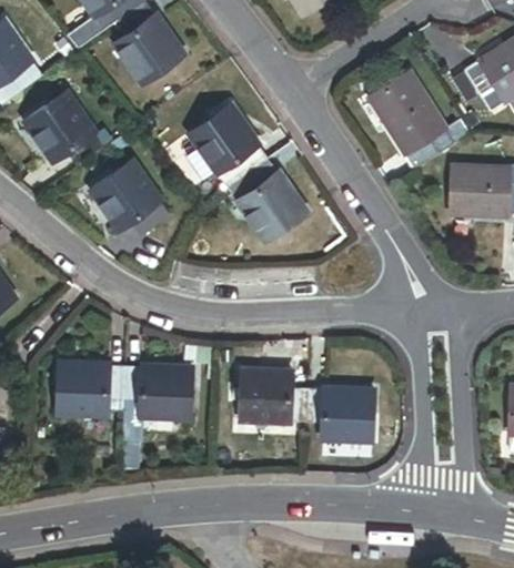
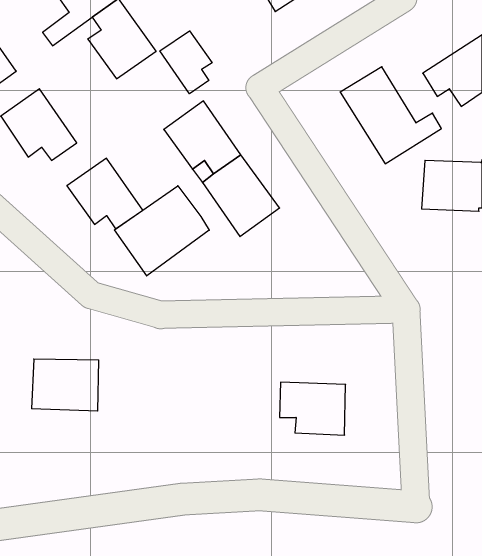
building: none -> [160,31,212,94]
building: none -> [114,186,209,276]
building: [123,365,191,418] -> none
building: [240,371,308,423] -> none

